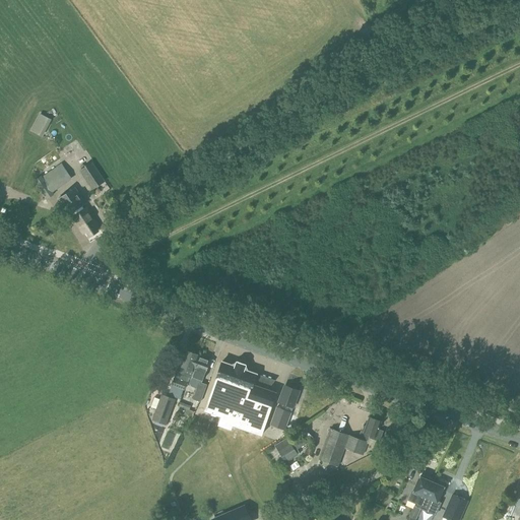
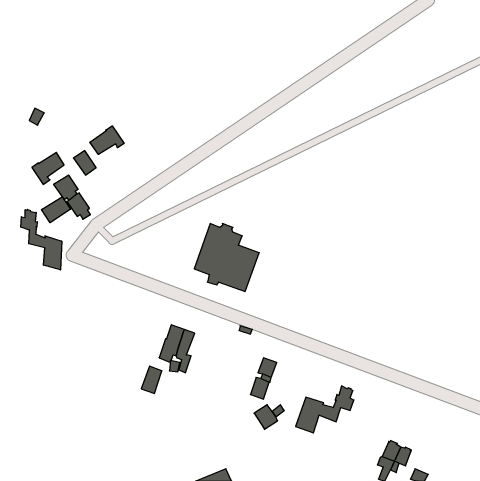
building: none -> [90,126,124,154]
building: none -> [42,197,71,223]
building: none -> [21,209,62,270]
building: [206,361,276,434] -> [194,224,259,291]

